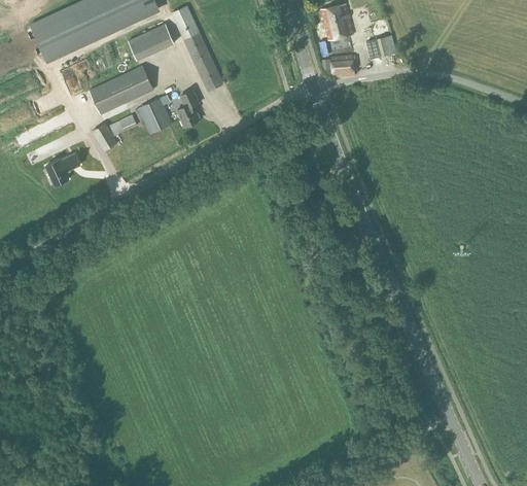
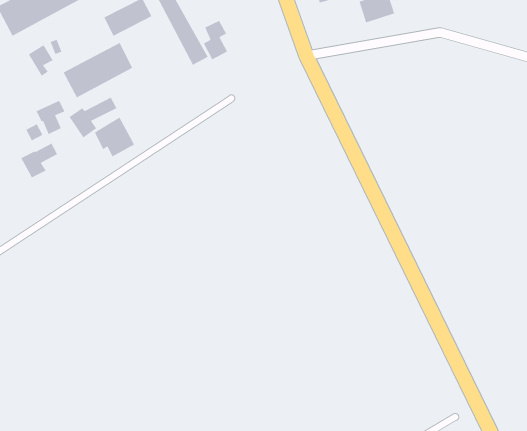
building: [329,55,355,77] -> none
building: [177,90,200,127] -> [203,20,228,61]
building: [135,97,172,134] -> [94,117,135,157]
building: none -> [36,100,65,135]

